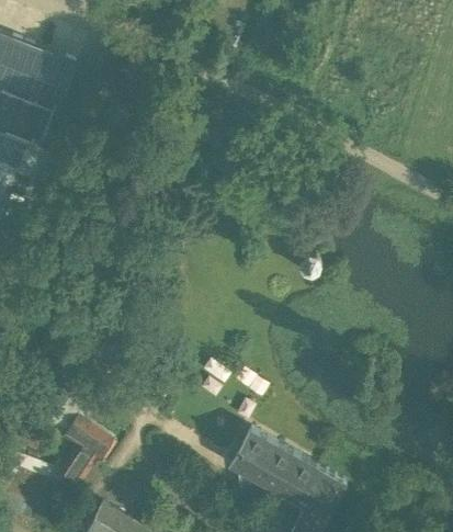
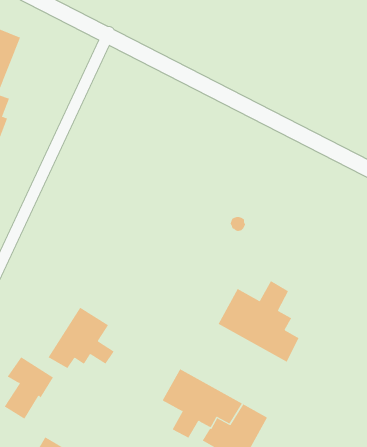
building: none -> [218,280,299,363]
building: none -> [48,307,115,369]

